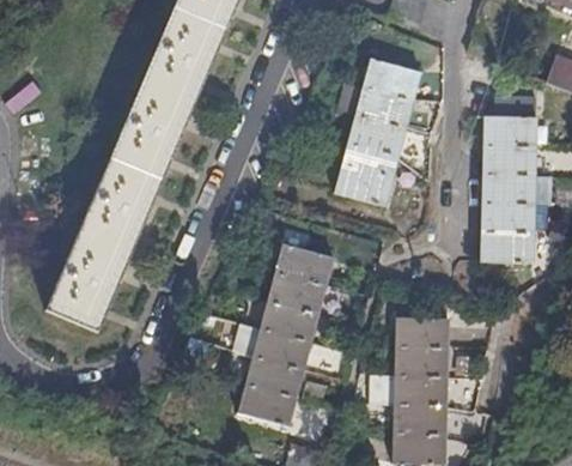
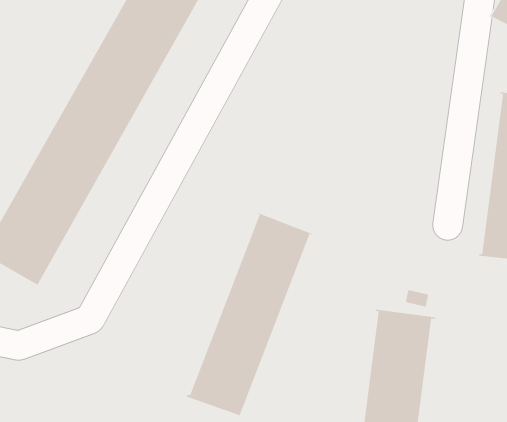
building: [336,58,422,205] -> none

